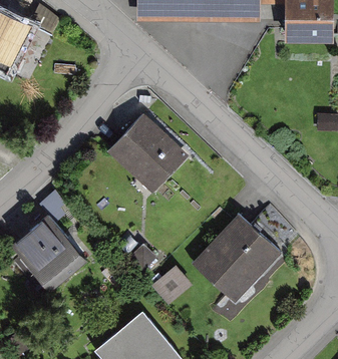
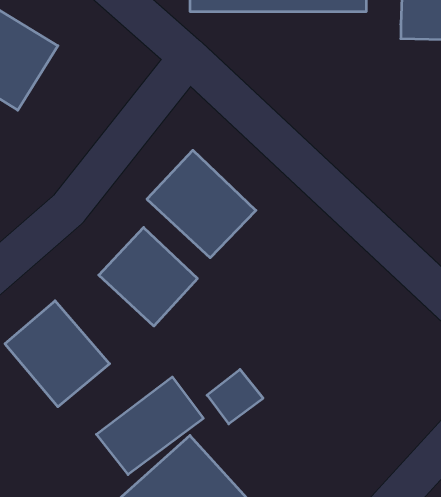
building: none -> [99,227,197,326]
building: [191,216,276,297] -> none
building: none -> [96,377,203,475]

